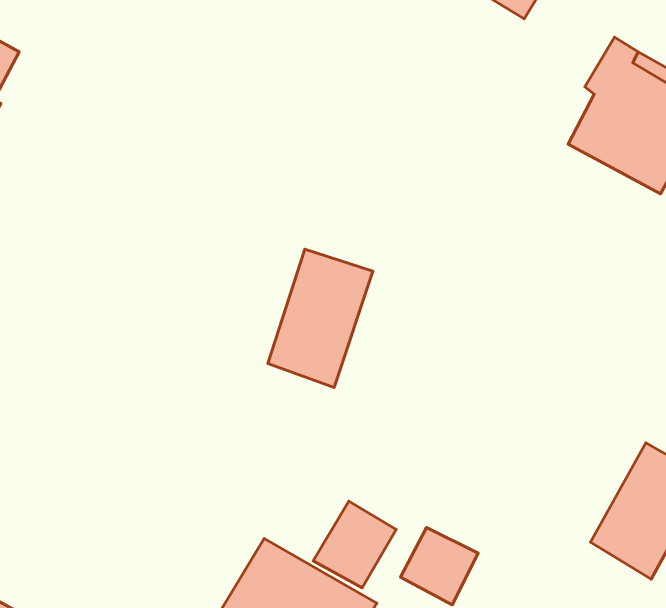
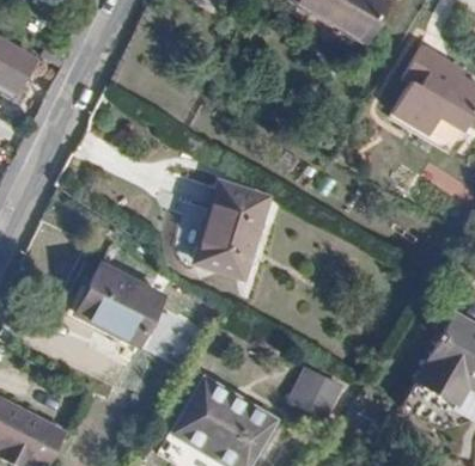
building: none -> [86,266,164,343]
building: [313,501,396,588] -> none

